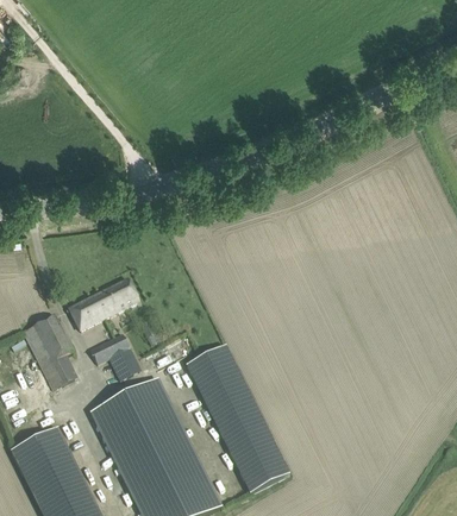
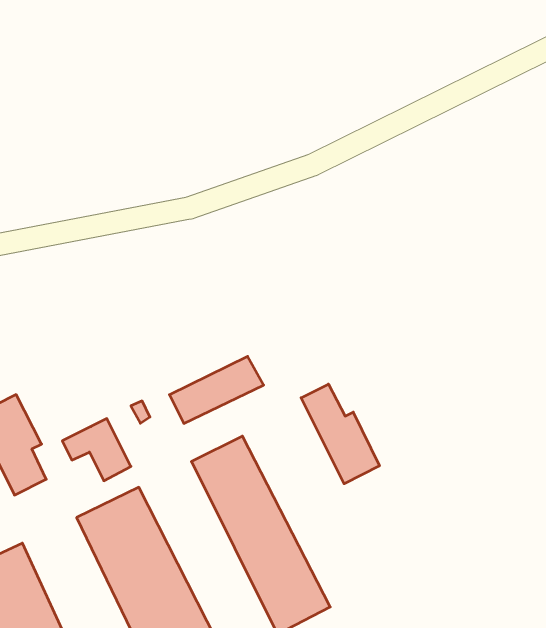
building: [69,278,139,328] -> [169,356,264,423]
building: none -> [301,384,379,484]

